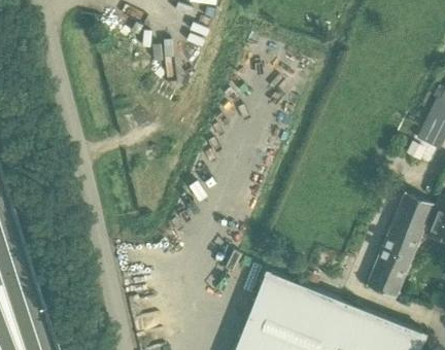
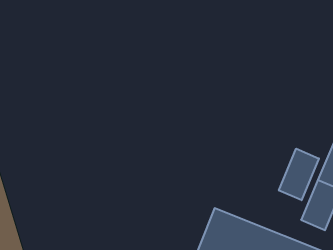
building: none -> [279,149,319,200]

